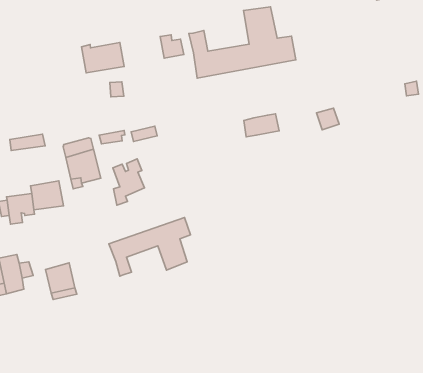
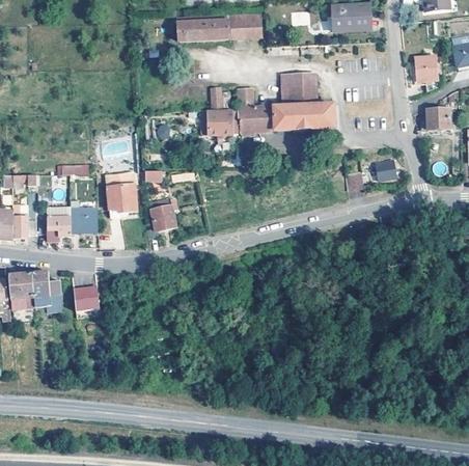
building: none -> [420,108,449,129]
building: [81,43,124,73] -> [200,109,238,135]
building: none -> [375,156,398,180]
building: [244,114,279,137] -> none
building: [109,217,190,276] -> none

